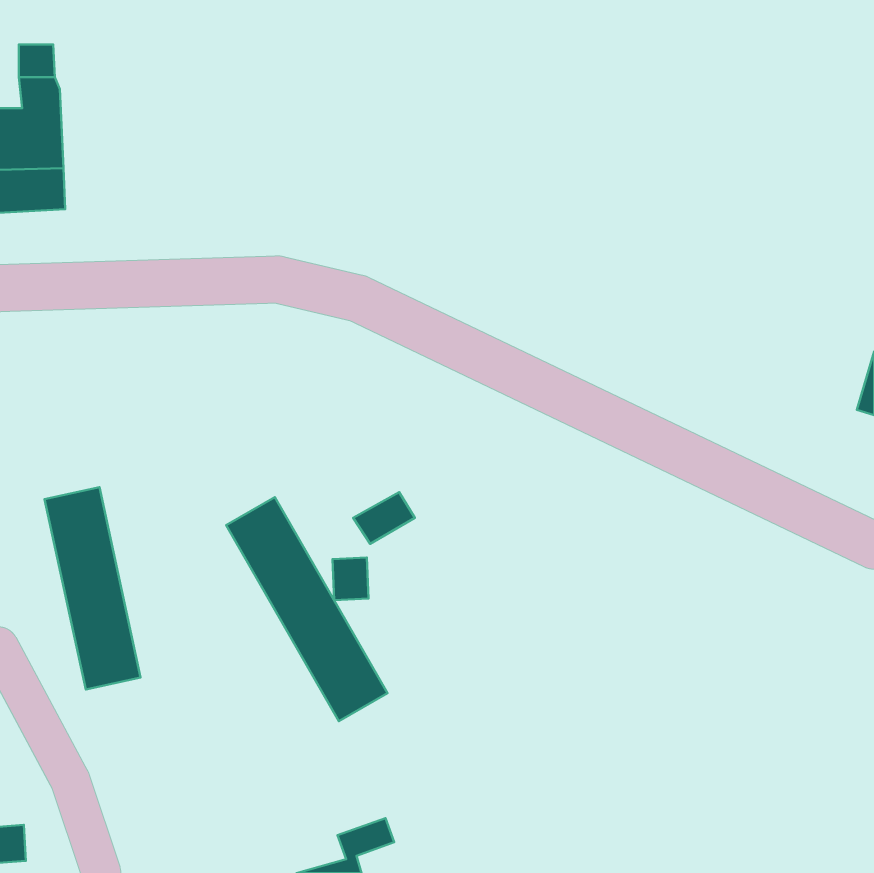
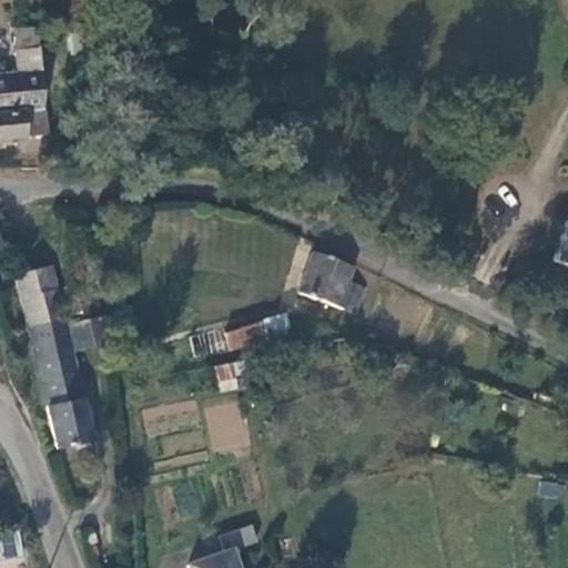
building: none -> [302,253,367,315]
building: none -> [18,264,64,323]
building: [226,497,388,721] -> none

